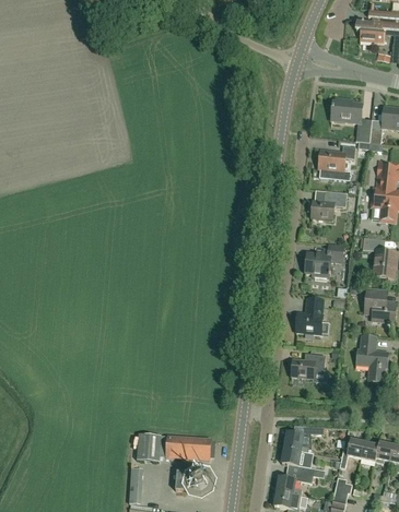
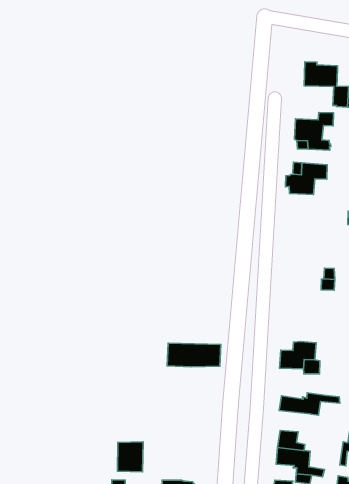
building: [305,243,343,279] -> none
building: [296,298,322,333] -> none
building: none -> [279,393,340,415]
building: [162,434,212,459] -> [167,343,221,367]

